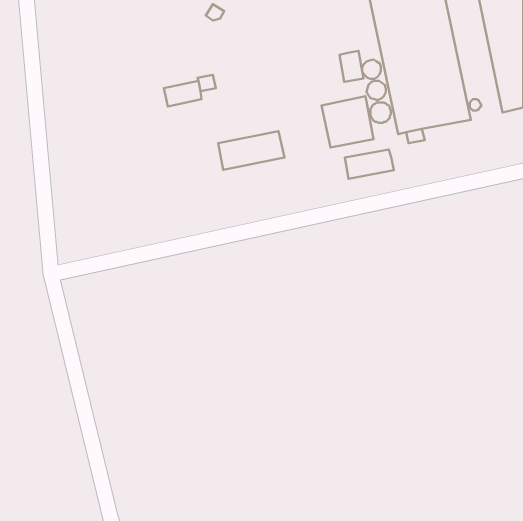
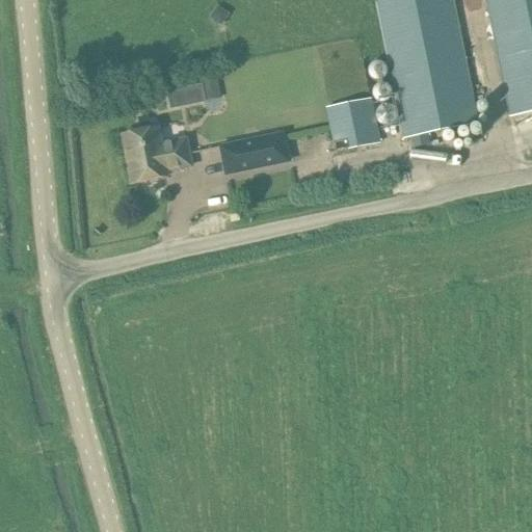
building: [339,51,364,82] -> none
building: none -> [123,127,191,182]
building: [345,149,394,179] -> none

